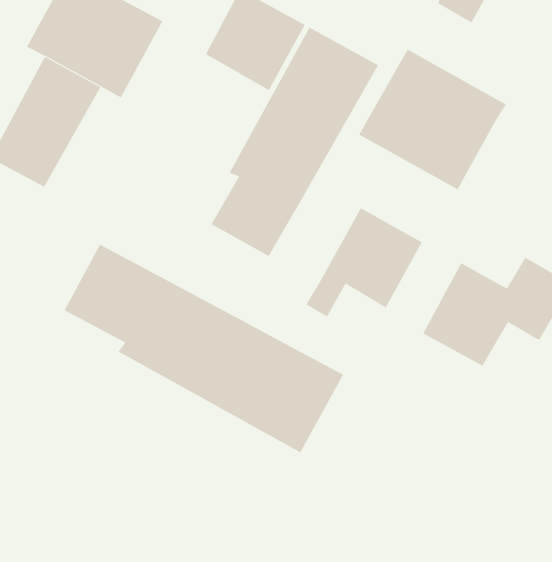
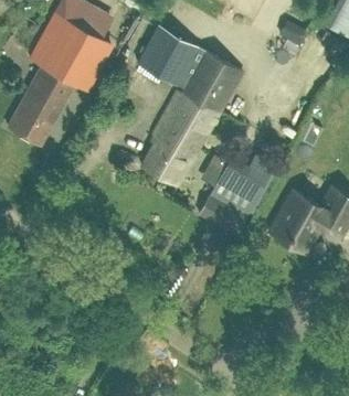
building: [359,49,506,190] -> none
building: [64,244,344,453] -> none

